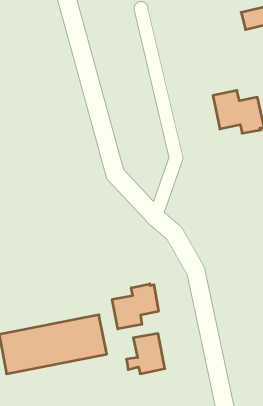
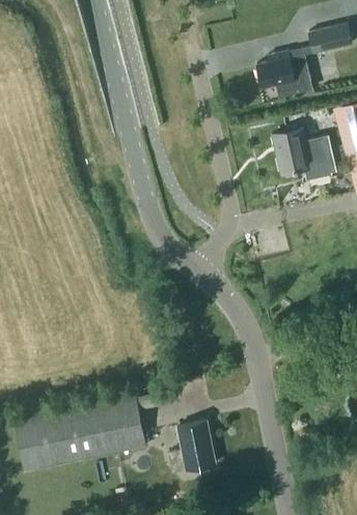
building: none -> [256,52,312,97]
building: [112,284,158,329] -> none

